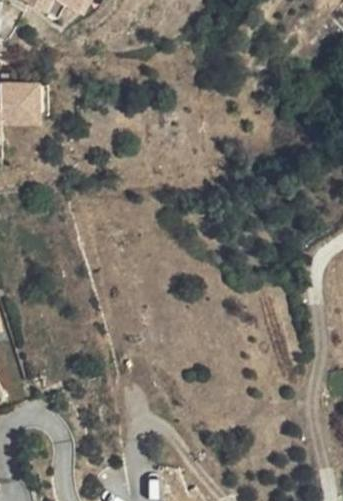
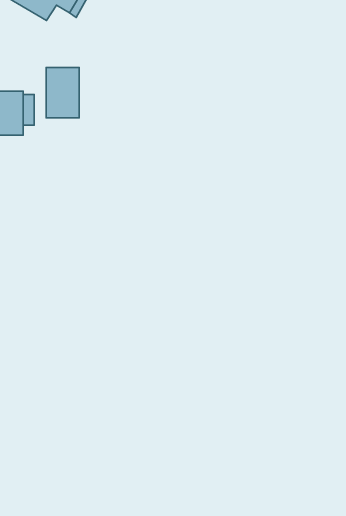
building: none -> [46,67,79,118]

